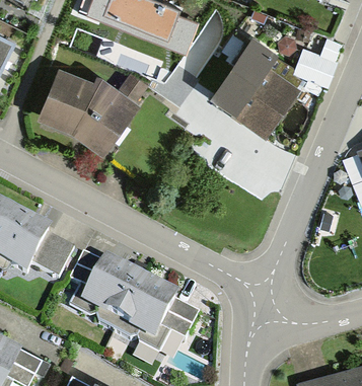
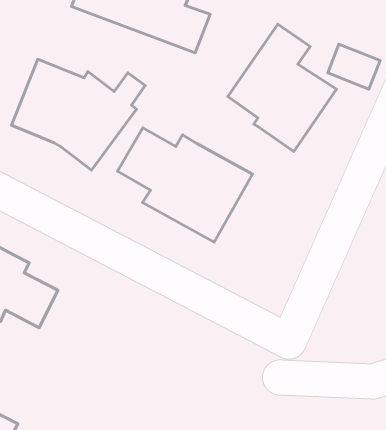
building: none -> [117,128,252,242]
building: [69,254,199,358] -> none

